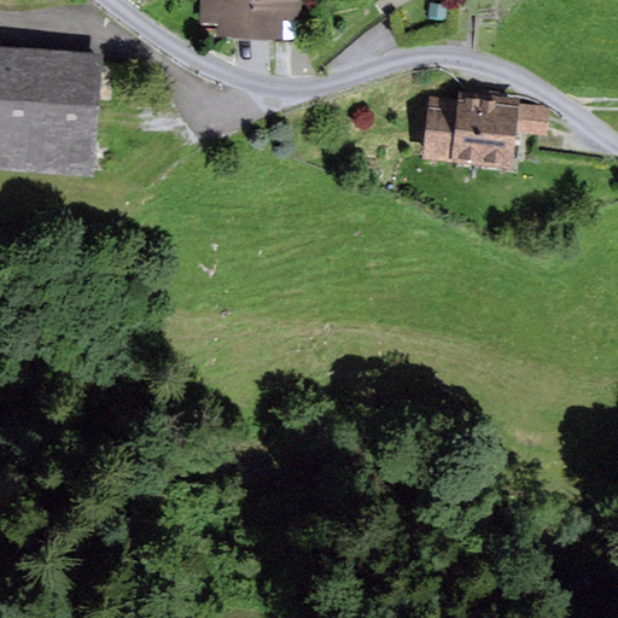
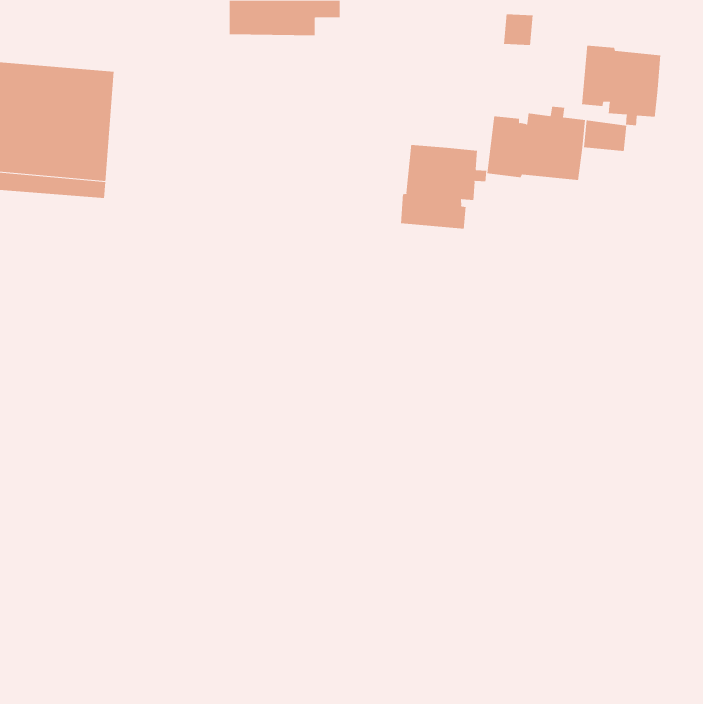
building: none -> [582,45,661,126]
building: none -> [400,144,487,229]

